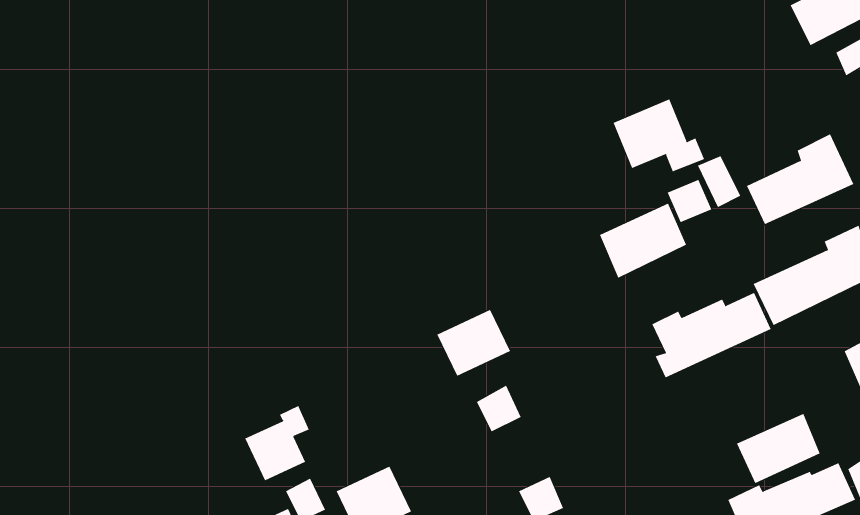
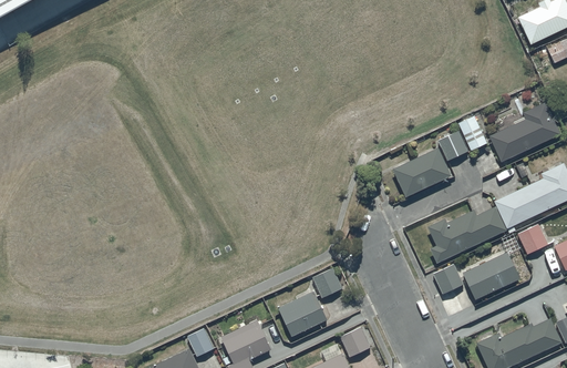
building: [613,99,705,172] -> none
building: [437,309,511,377] -> [278,292,327,336]
building: none -> [517,224,548,254]
building: none -> [433,265,463,295]
building: [245,405,309,481] -> none
building: [736,413,821,484] -> [463,253,518,299]

